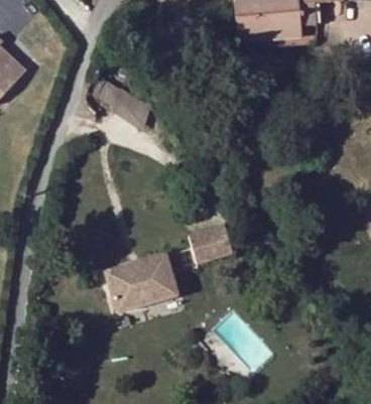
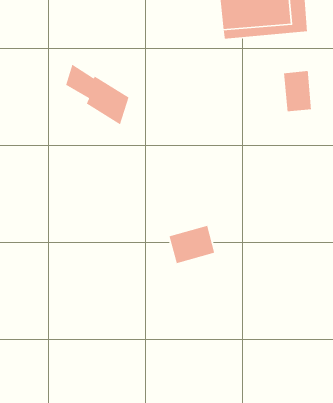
building: none -> [283,70,312,112]
building: [105,254,175,311] -> none

